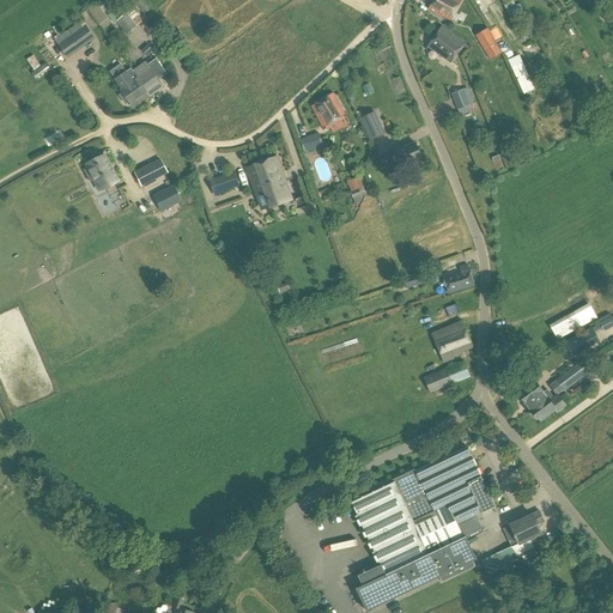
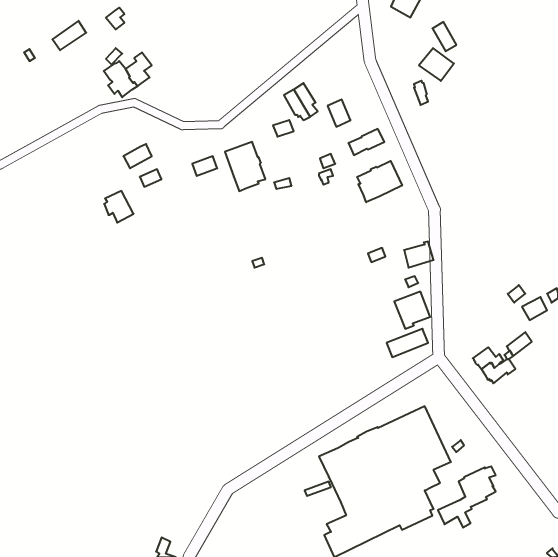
building: [426,25,465,61] -> [419,48,454,81]
building: [85,154,117,189] -> [104,191,134,223]
building: none -> [357,161,402,202]

